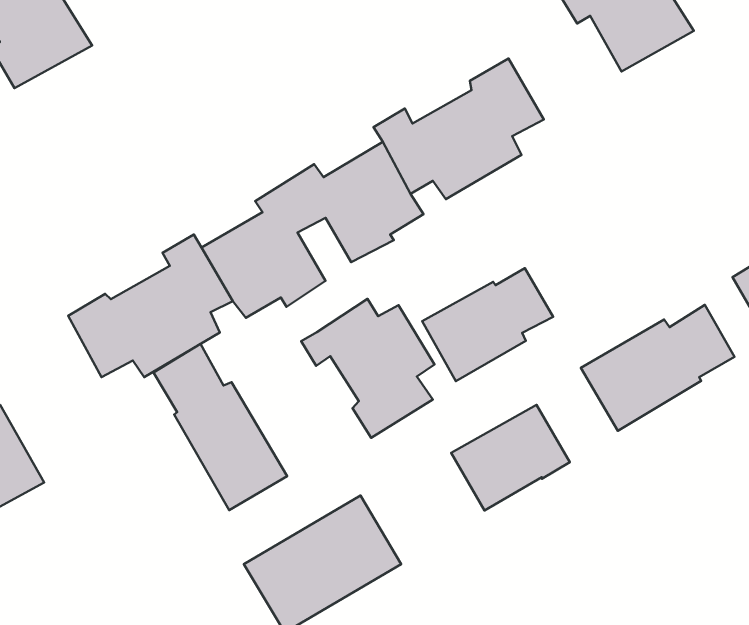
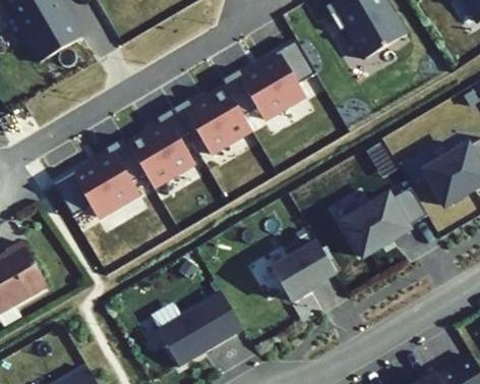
building: [422,268,553,381] -> none
building: [301,299,434,438] -> none
building: [154,344,287,510] -> none

